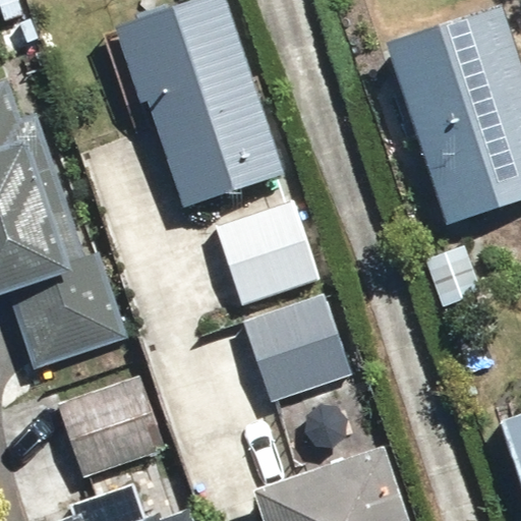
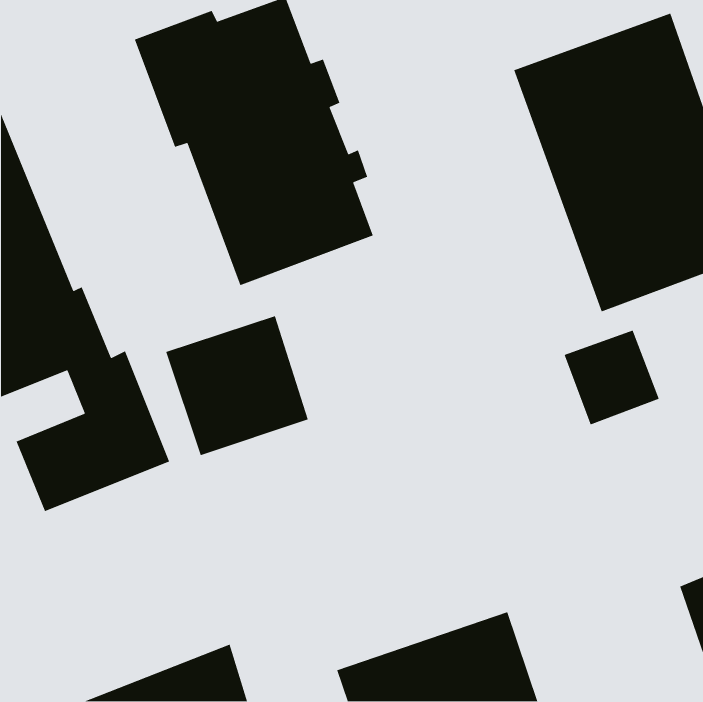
building: [215,202,320,305] -> [165,315,309,456]
building: [244,293,353,400] -> none
building: [60,374,169,474] -> none

